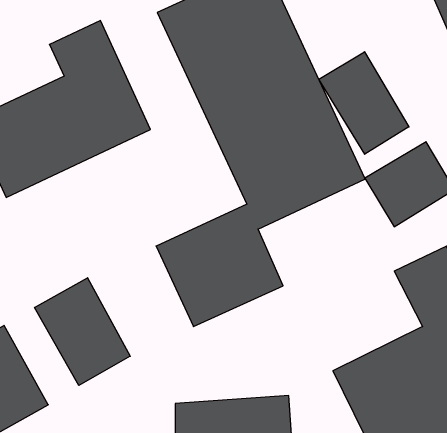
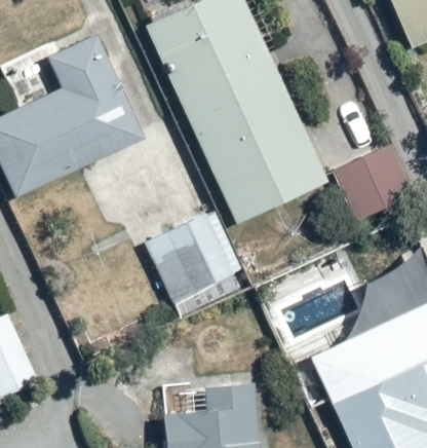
building: [319,52,409,154] -> none
building: [35,278,130,385] -> none

